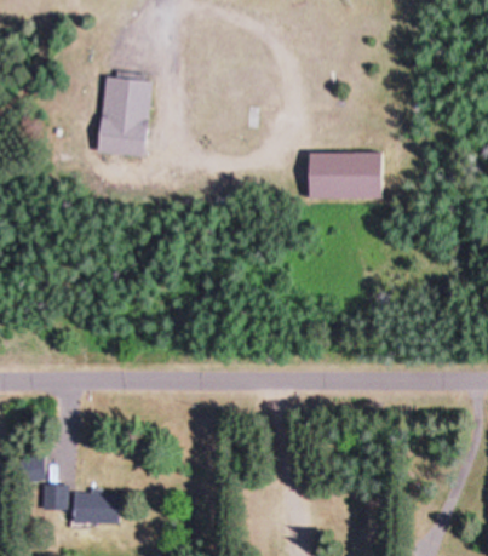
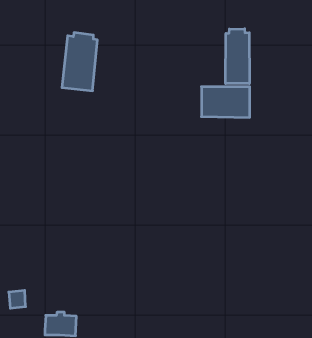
building: none -> [226,29,249,84]
building: [42,487,68,512] -> none

